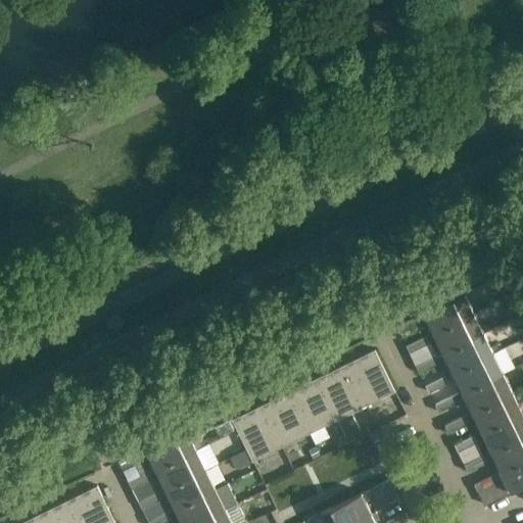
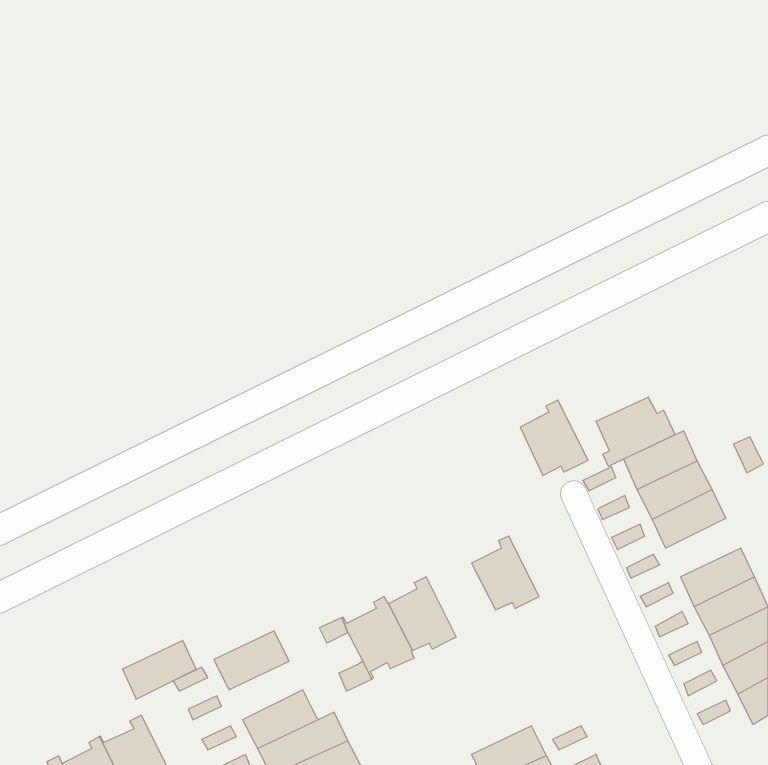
building: none -> [596,397,675,466]
building: [348,352,394,403] -> [520,400,588,475]
building: [451,354,503,394] -> none
building: [291,380,338,431] -> none
building: [155,451,205,491] -> [123,640,196,699]

